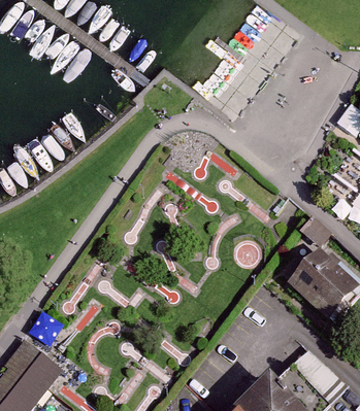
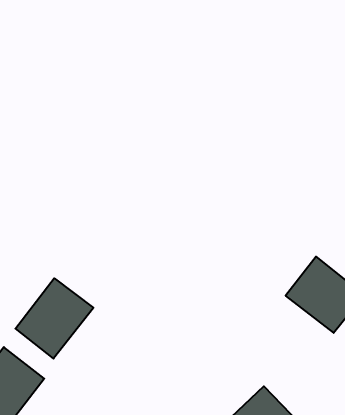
building: none -> [15,278,93,359]

